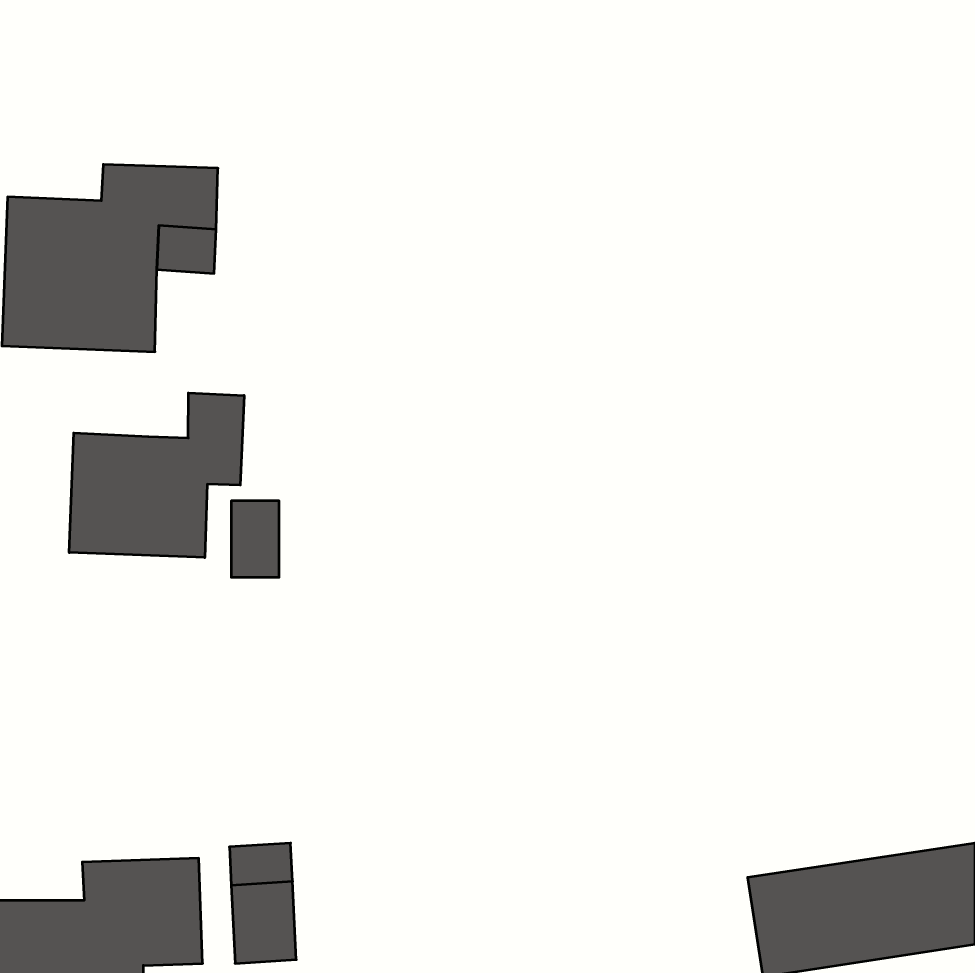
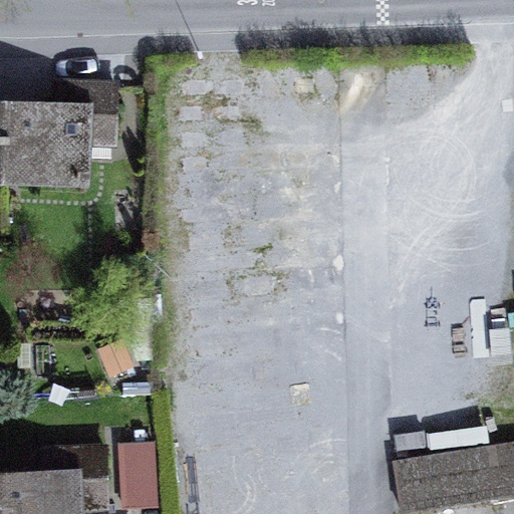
building: [69,393,244,558] -> none

